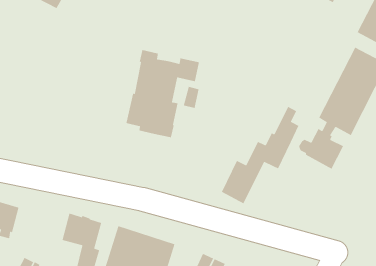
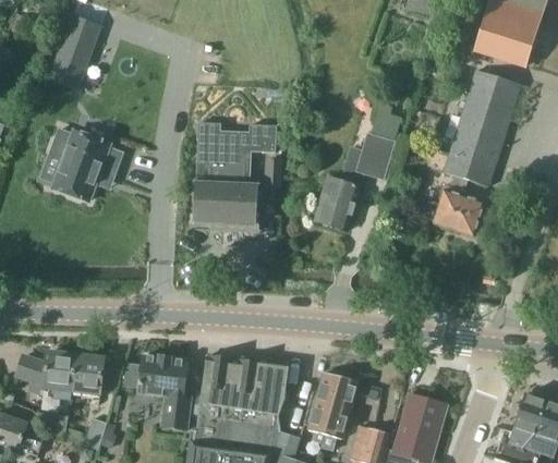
building: none -> [50,129,123,200]
building: [221,106,299,205] -> [315,94,402,232]
building: none -> [72,355,104,393]

